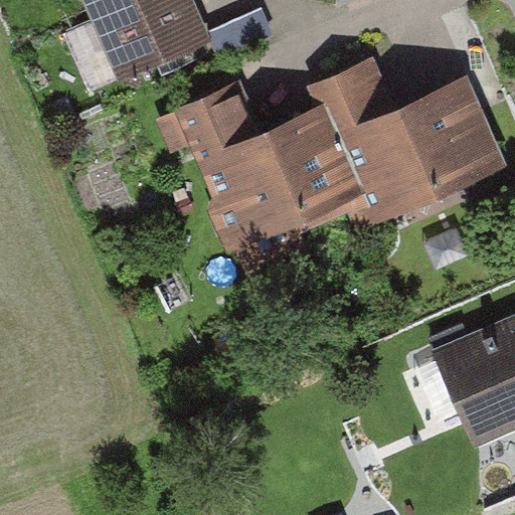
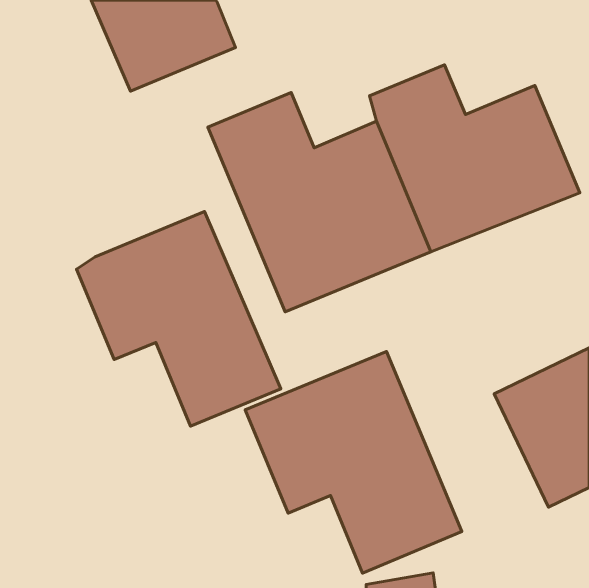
building: none -> [76,211,281,426]
building: none -> [245,351,462,573]

